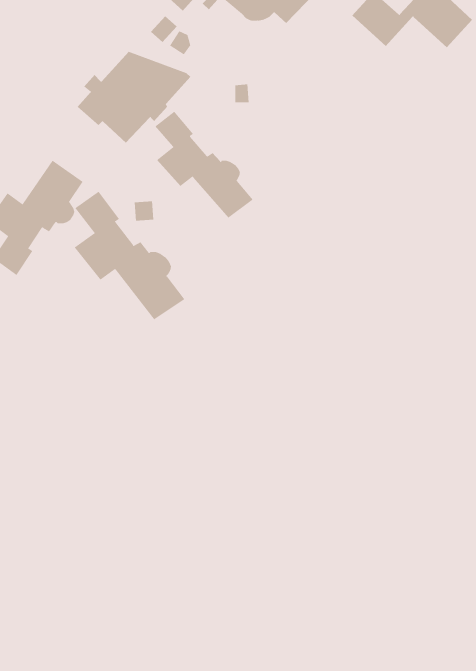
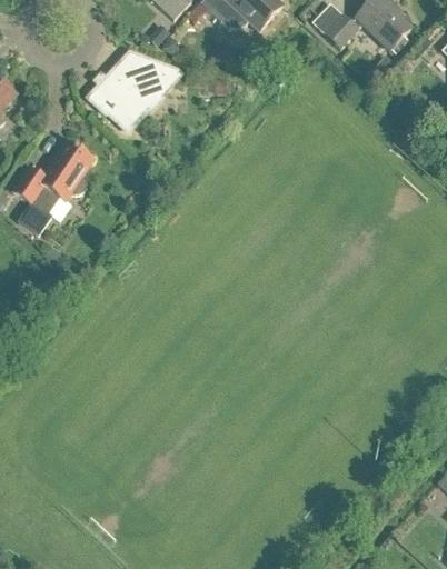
building: [155,111,254,219] -> none
building: [74,191,185,320] -> none

